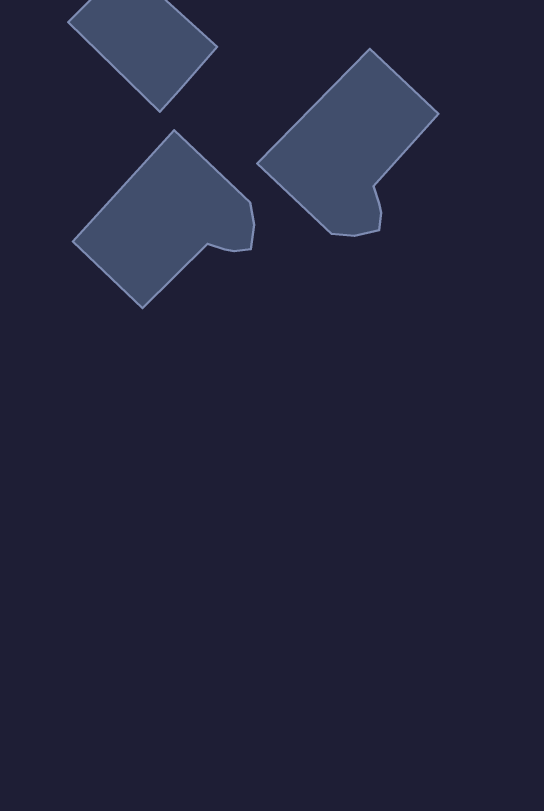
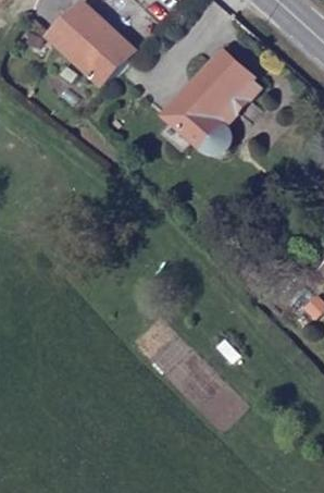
building: [73,130,254,308] -> none

